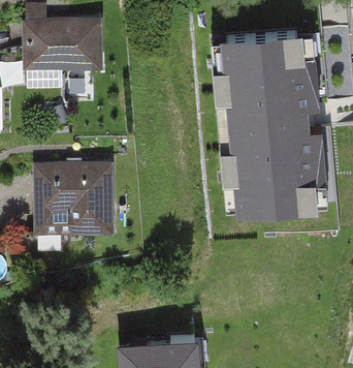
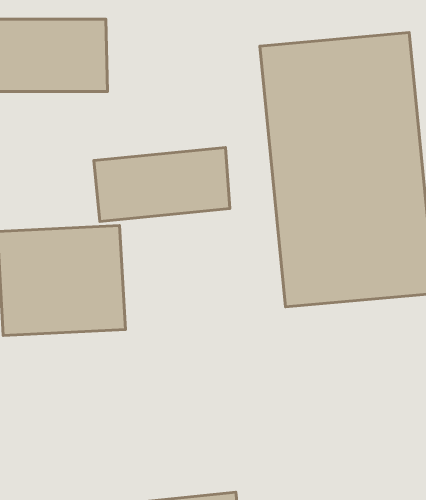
building: none -> [94,147,230,221]

